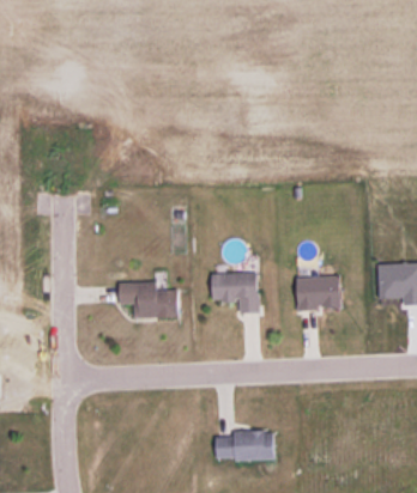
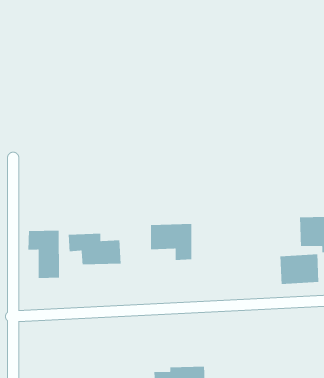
building: [296,275,340,310] -> [280,254,319,285]
building: none -> [28,230,60,279]

